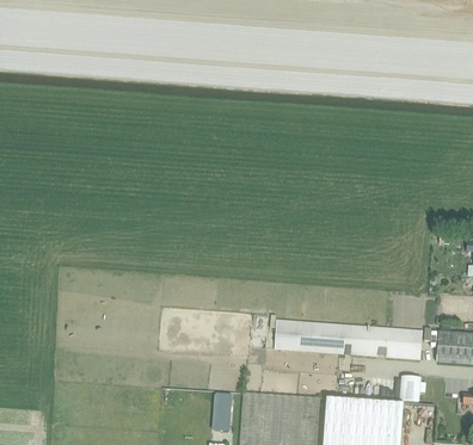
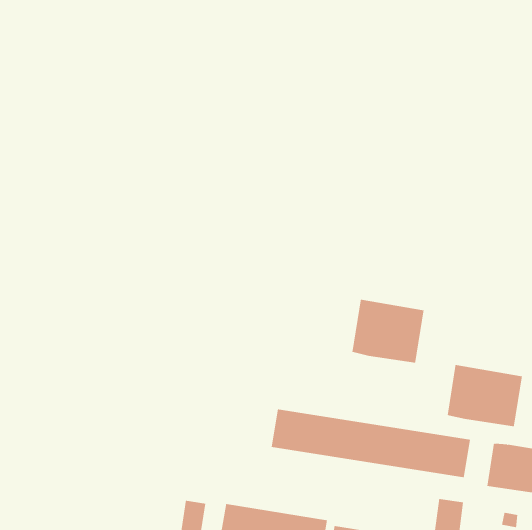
building: none -> [352,299,424,364]
building: none -> [447,364,522,427]

